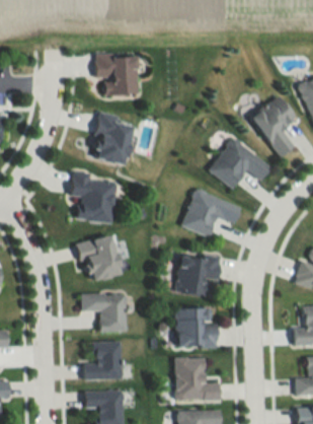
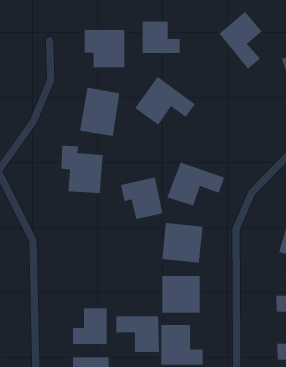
building: none -> [142,21,180,54]
building: [251,95,297,156] -> [219,11,263,70]
building: [209,137,272,189] -> [134,76,196,126]
building: [77,235,122,280] -> [120,177,163,220]
building: [81,293,127,332] -> [116,315,160,353]

